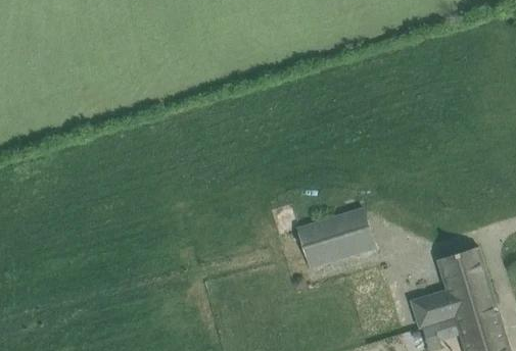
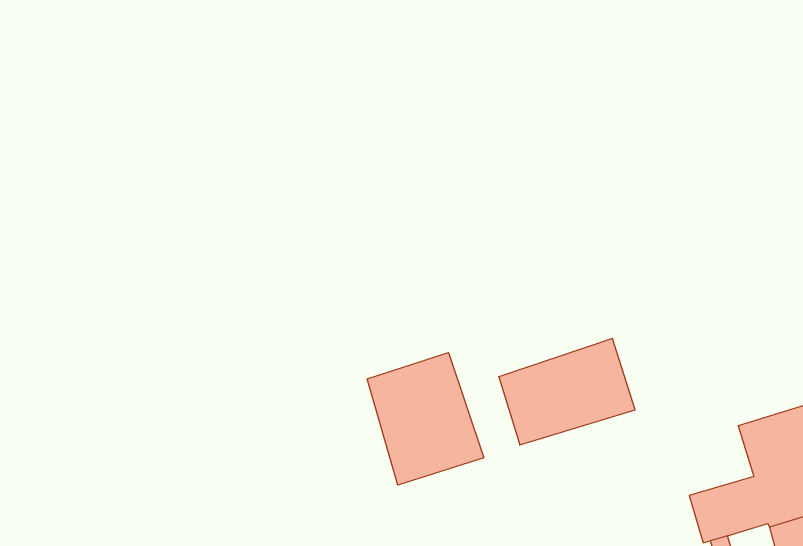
building: none -> [367,353,484,485]

